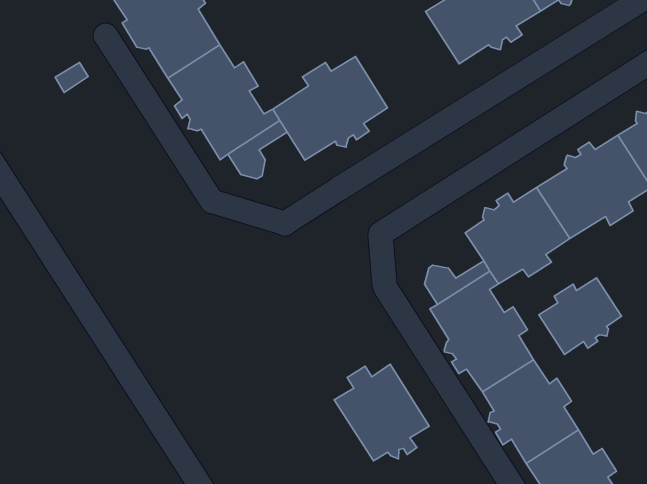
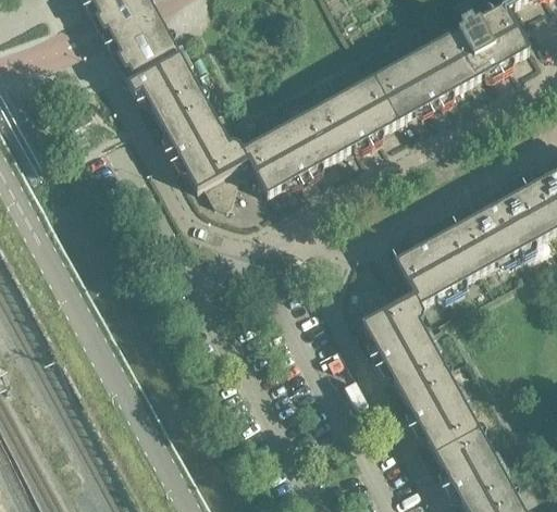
building: none -> [313,76,398,153]
building: [539,278,622,355] -> none
building: [334,364,429,461] -> none

